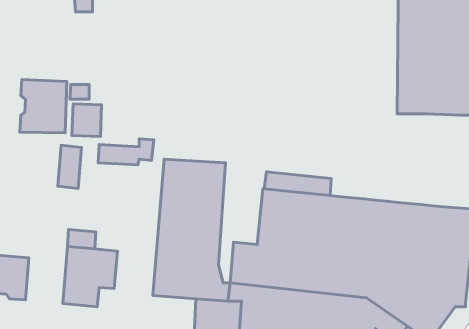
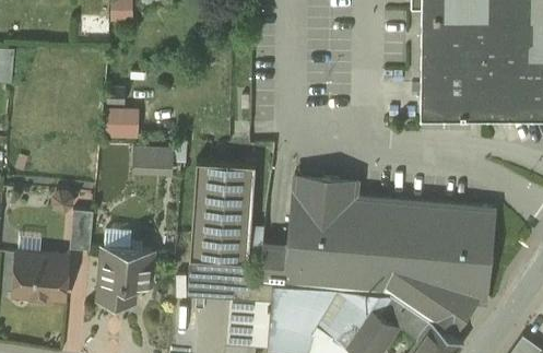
building: [20,80,67,133] -> none
building: [58,145,82,188] -> [70,209,93,250]

